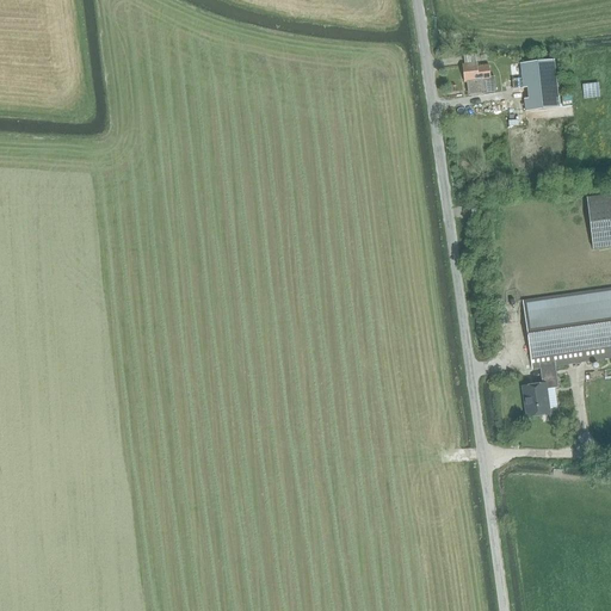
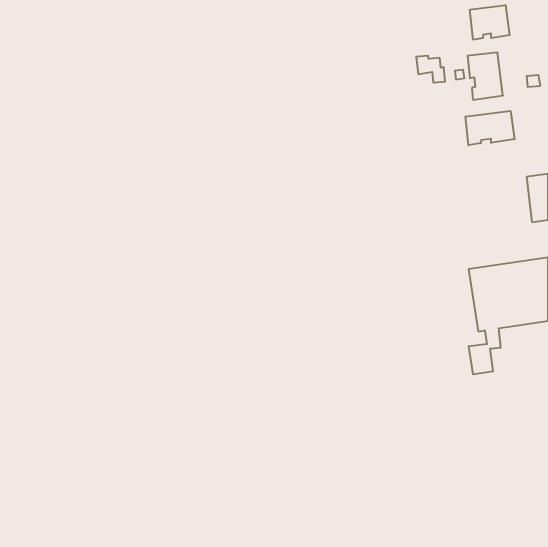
building: none -> [470,5,510,40]
building: none -> [465,111,515,145]

